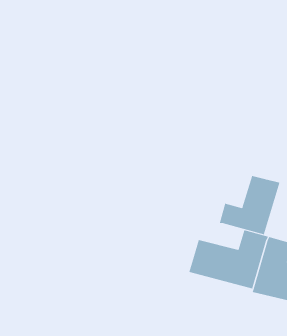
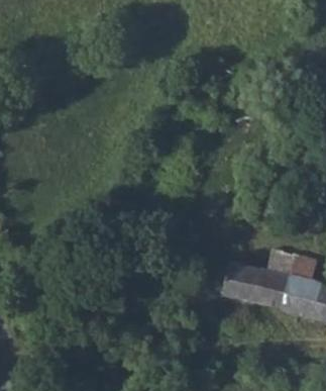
building: [219,175,280,235] -> none

